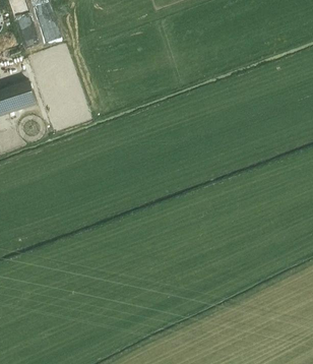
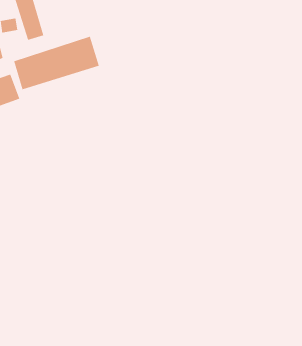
building: none -> [14,36,99,90]

